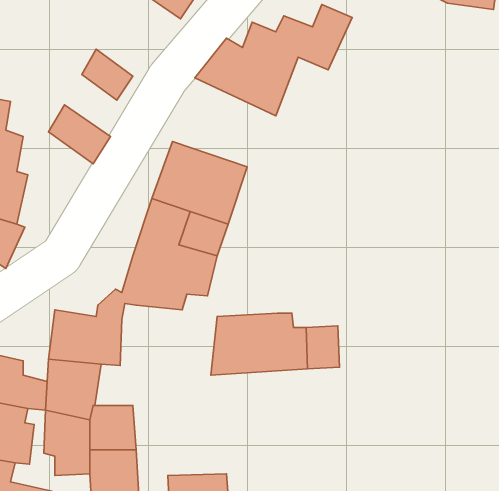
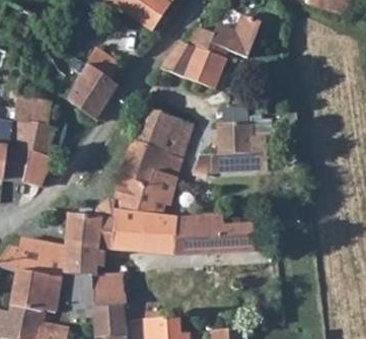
building: none -> [77,63,118,103]
building: none -> [193,122,266,169]
building: none -> [113,209,174,255]

